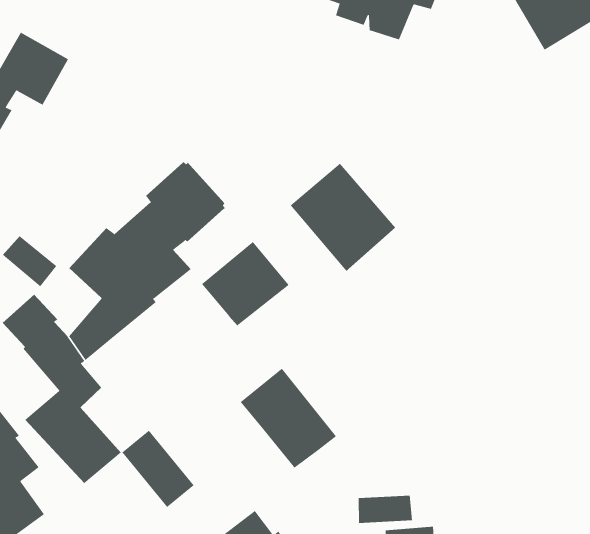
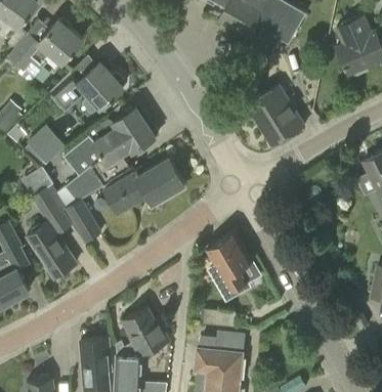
building: none -> [49,55,123,114]
building: [290,163,396,272] -> [247,86,304,147]
building: none -> [104,174,148,216]
building: [240,368,337,469] -> [207,232,258,290]
building: [121,430,194,508] -> [65,200,102,245]

